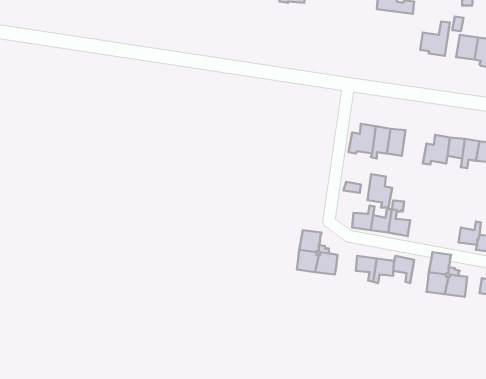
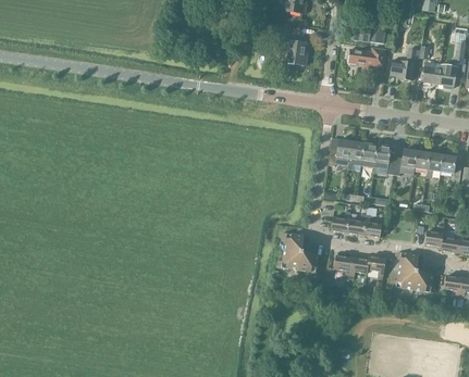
building: none -> [283,40,307,63]
building: none -> [348,46,384,66]
building: [367,174,392,207] -> [373,144,395,174]

